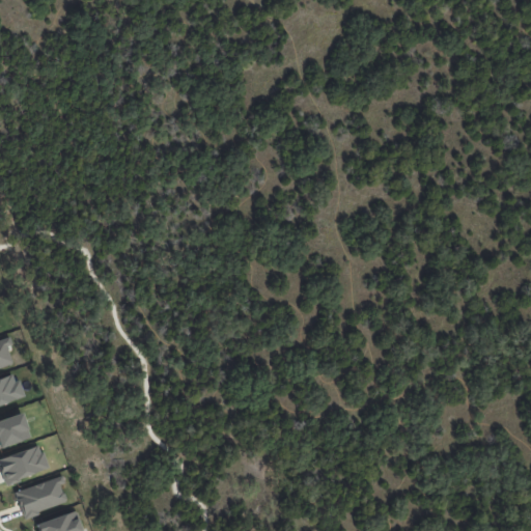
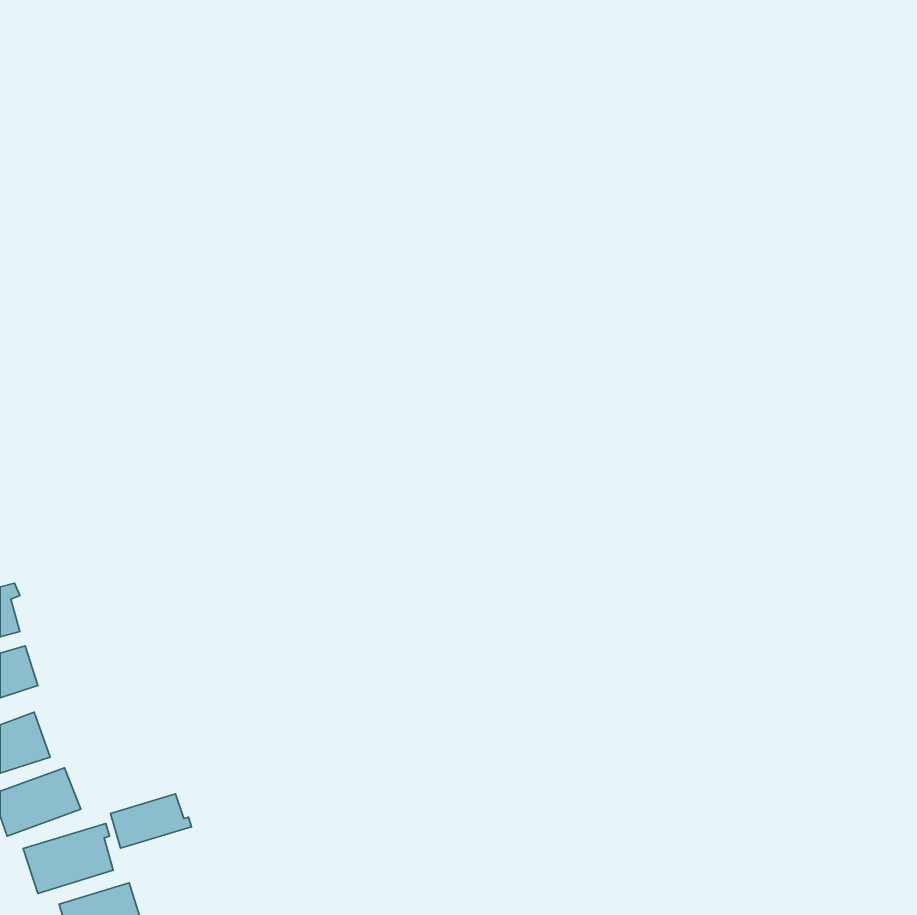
building: none -> [110,794,192,848]

